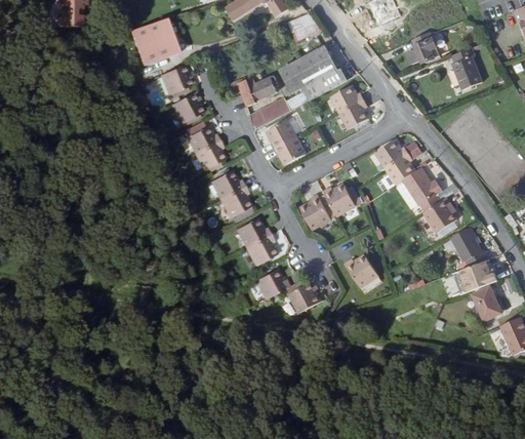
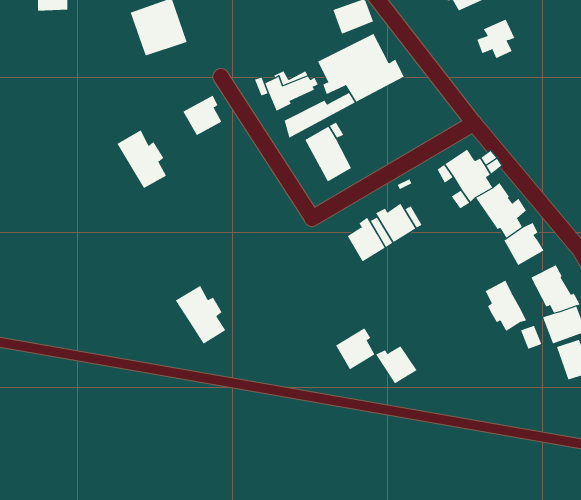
building: [445,47,480,89] -> none
building: [161,68,196,96] -> none
building: [327,85,366,132] -> none
building: [186,125,226,172] -> [117,130,167,189]
building: [213,173,253,221] -> none
building: [238,218,279,266] -> [175,285,226,344]
building: none -> [485,280,527,332]
building: [346,253,379,284] -> [375,346,417,384]
building: [257,269,292,300] -> none

